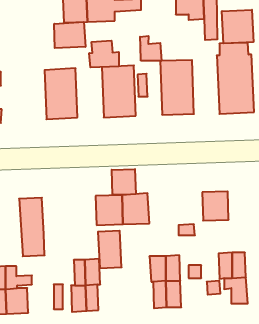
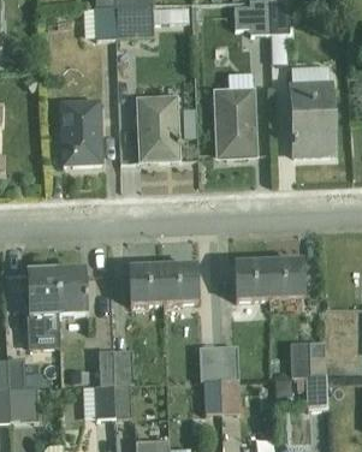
building: [222,10,253,43] -> none
building: [54,22,85,48] -> none
building: [140,36,161,61] -> none
building: [89,41,119,67] -> none
building: [112,169,136,195] -> none
building: none -> [233,261,269,301]
building: [98,231,122,268] -> [57,267,88,316]

